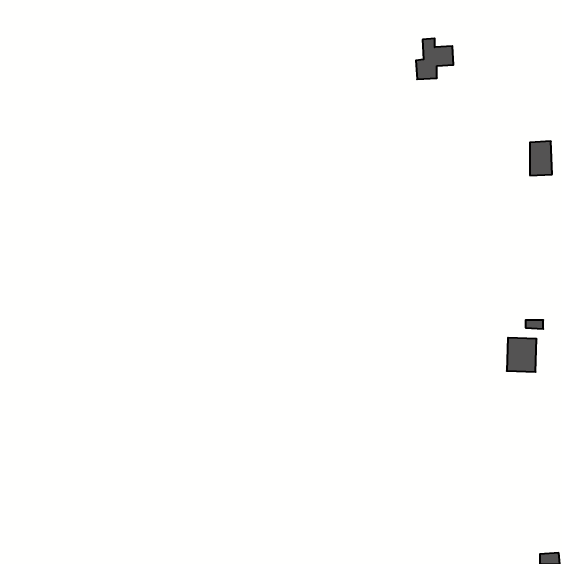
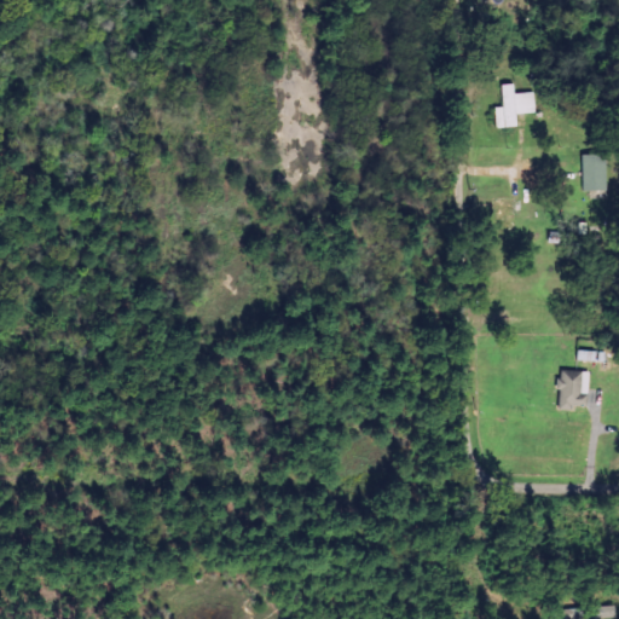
building: [416,38,453,79] -> [494,85,536,129]

